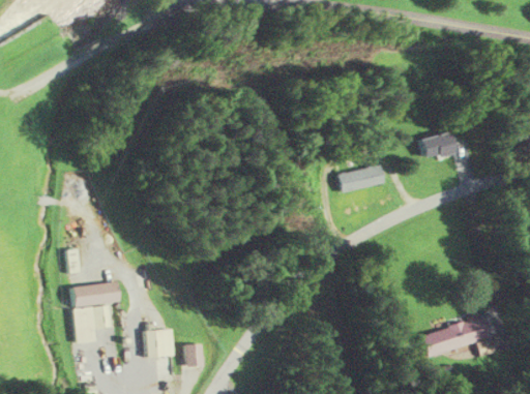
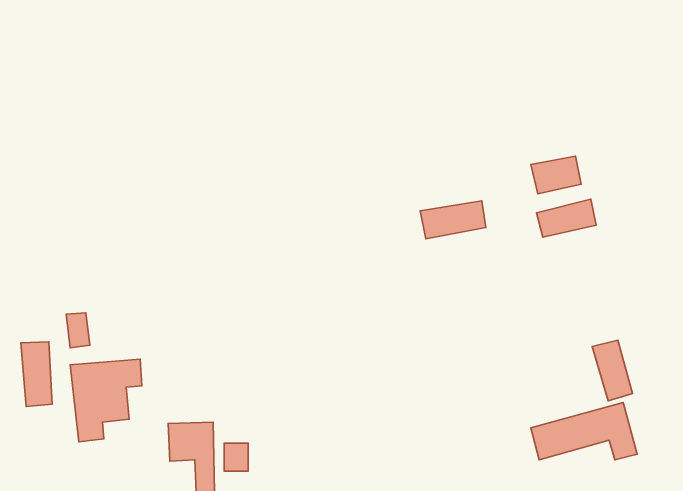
building: none -> [536,199,596,237]
building: none -> [592,340,632,401]
building: none -> [21,342,52,406]

